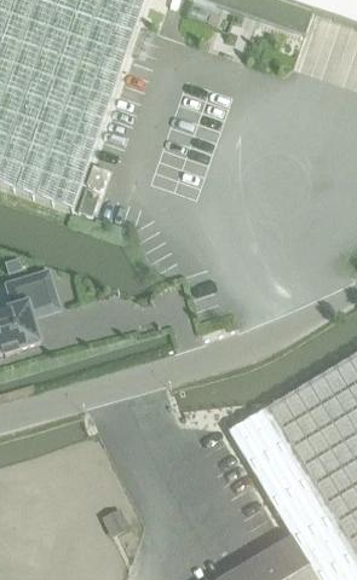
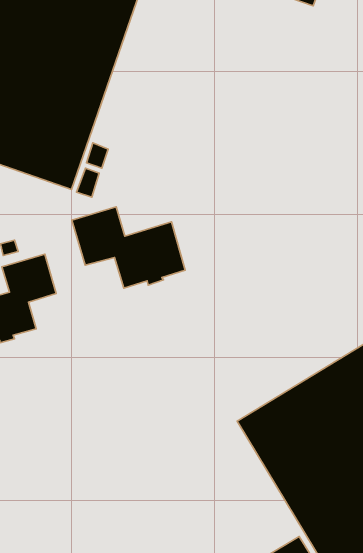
building: none -> [72,207,185,288]

